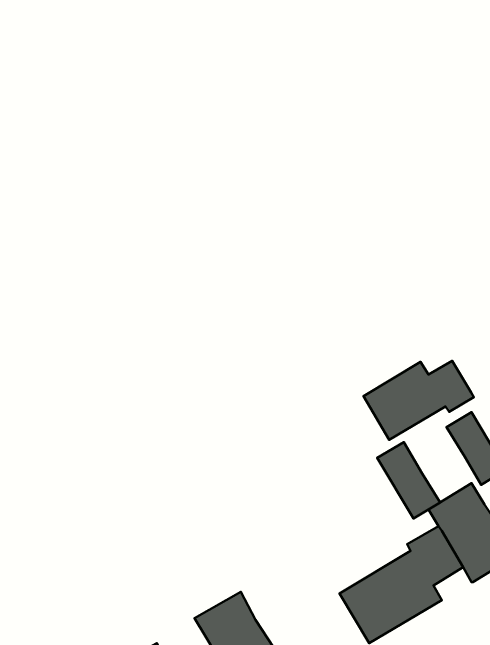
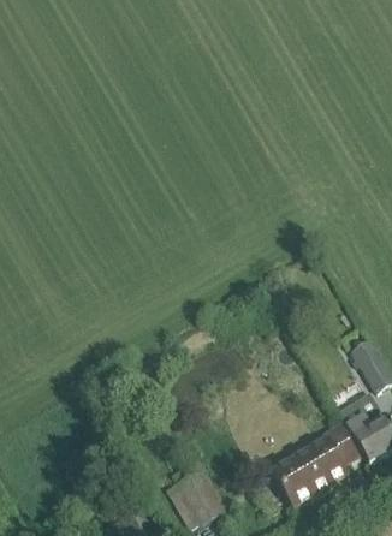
building: [363,361,474,440] -> none
building: [377,442,440,518] -> none

